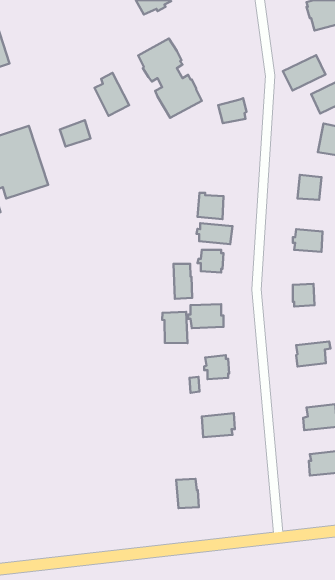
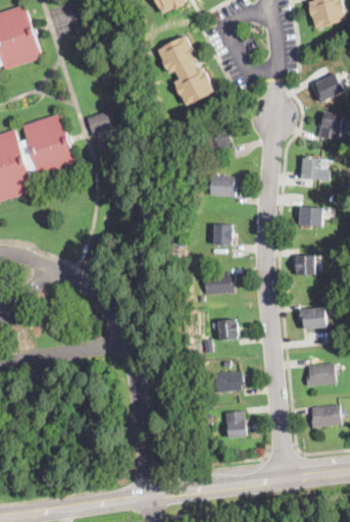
building: [283,55,326,90] -> none
building: [94,73,129,116] -> none
building: [218,98,247,123] -> [204,128,230,151]
building: [197,223,232,244] -> none
building: [174,264,192,299] -> none
building: [162,312,187,343] -> none
building: [176,479,199,508] -> [226,411,246,437]

